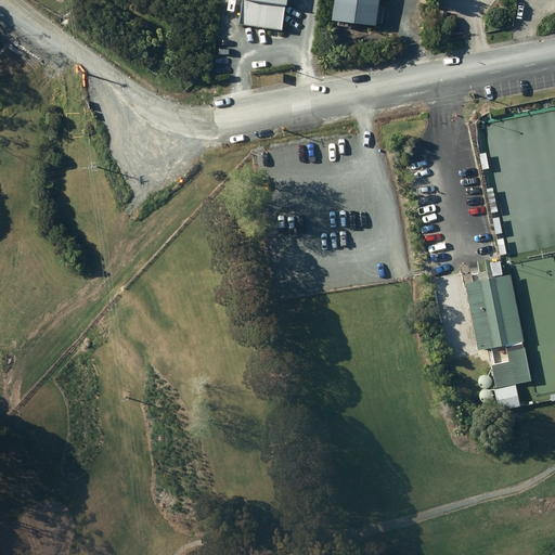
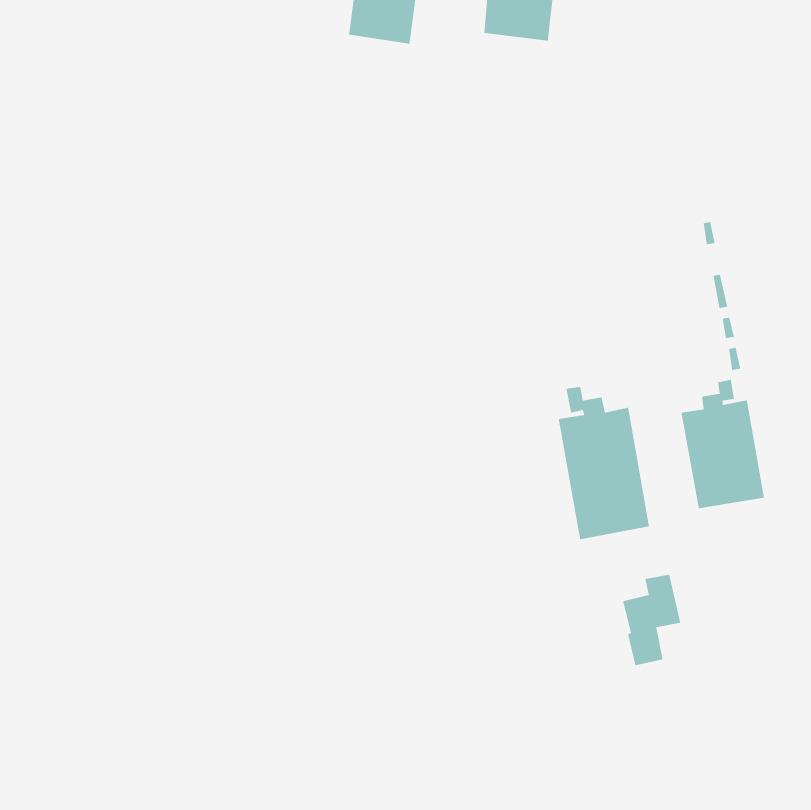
building: none -> [558,386,650,540]
building: [491,345,531,408] -> [622,574,681,666]

